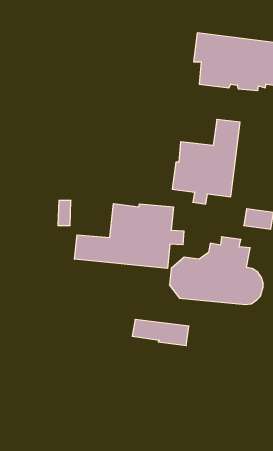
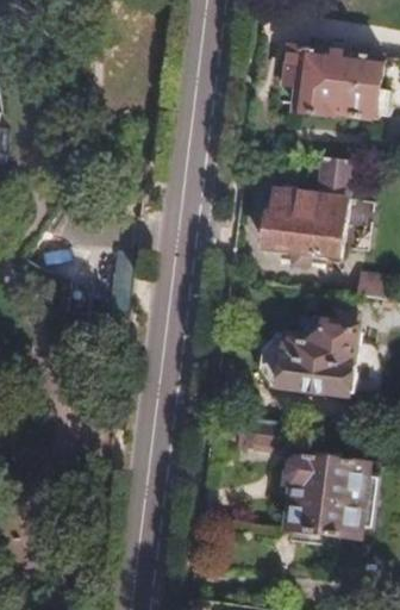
building: [75,204,184,268] -> none
building: none -> [289,453,380,546]

